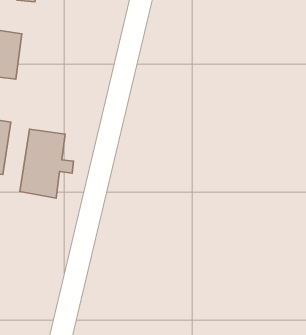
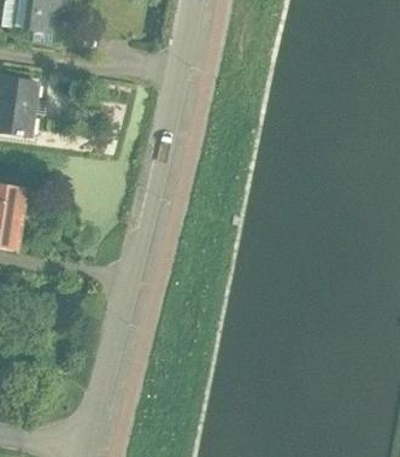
building: [20,129,74,198] -> none

